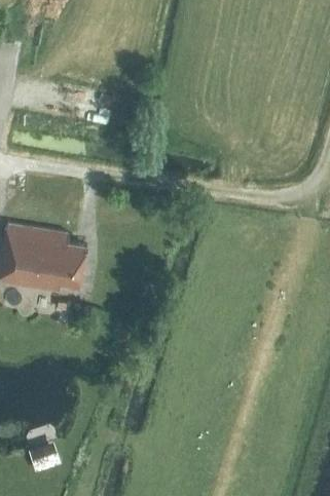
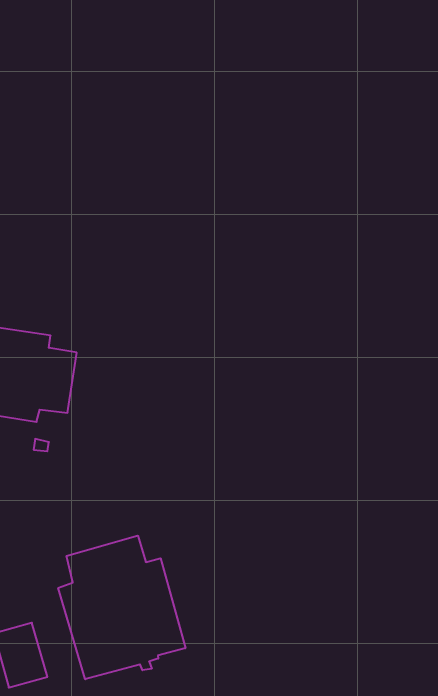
building: none -> [58,536,185,679]

